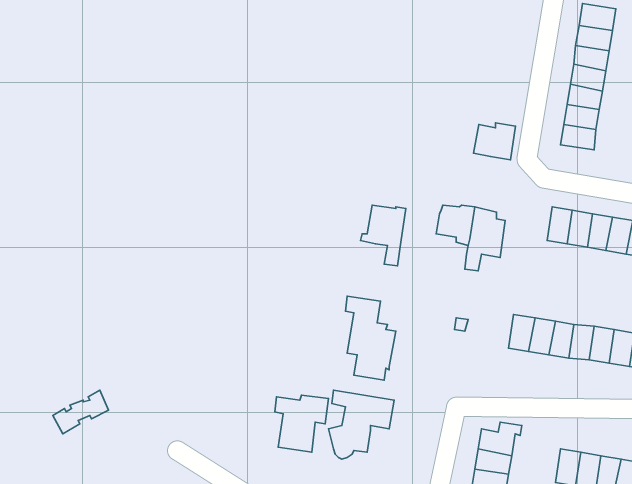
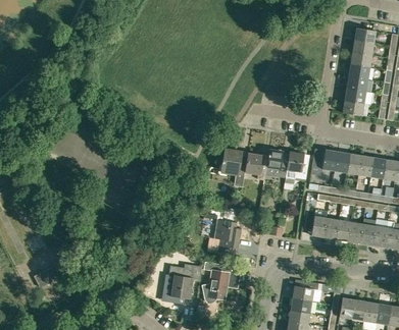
building: [474,123,516,160] -> [311,149,337,171]
building: none -> [245,152,268,179]

